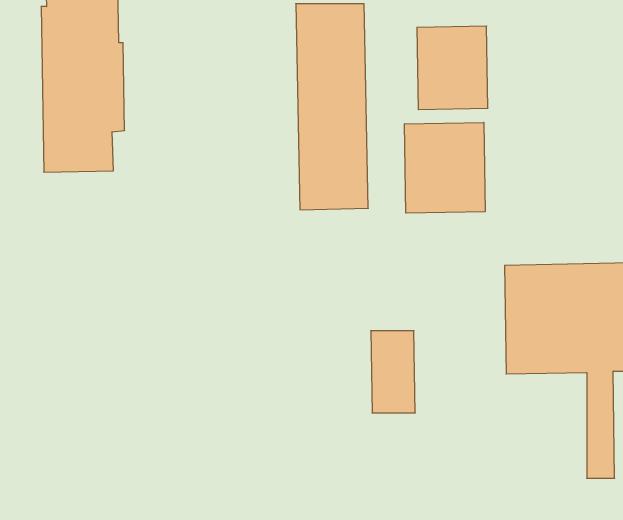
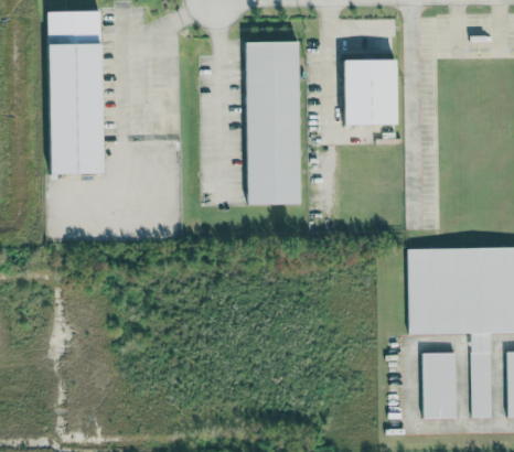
building: [405,122,485,213] -> none
building: [371,331,415,413] -> [422,353,458,418]

